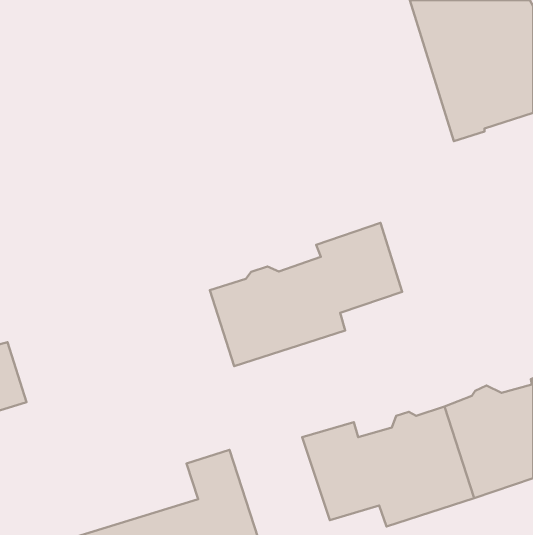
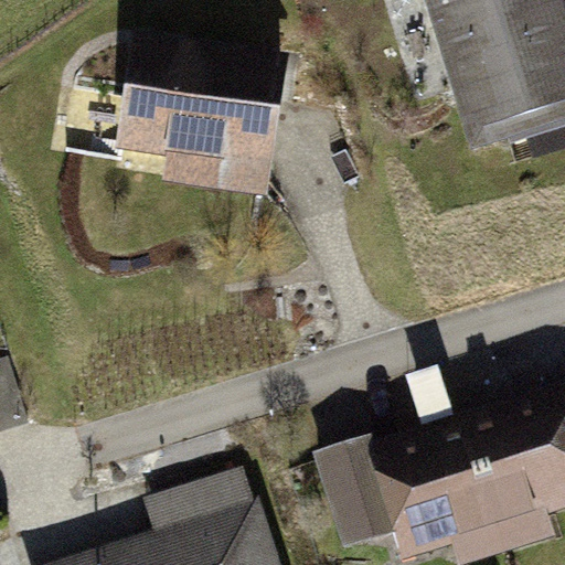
building: none -> [124,49,280,169]
building: [210,223,402,366] -> none

